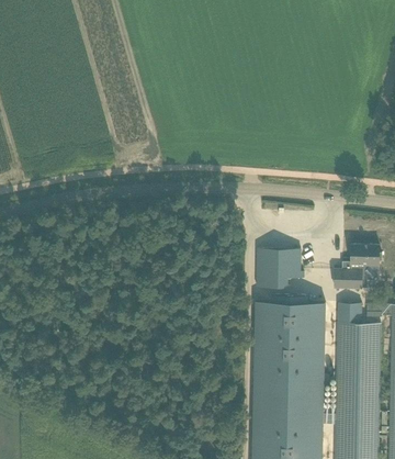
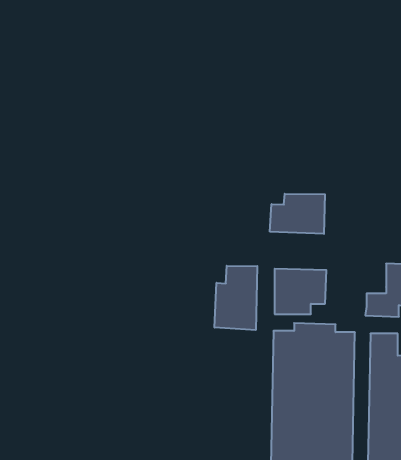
building: none -> [270,194,325,234]
building: none -> [215,266,257,330]

